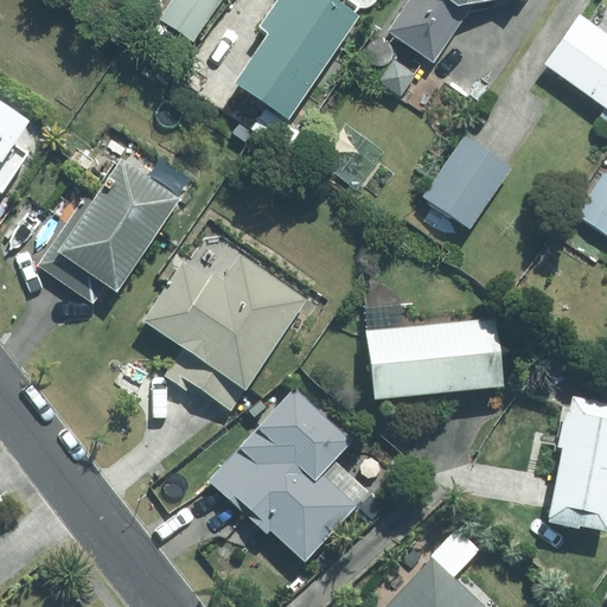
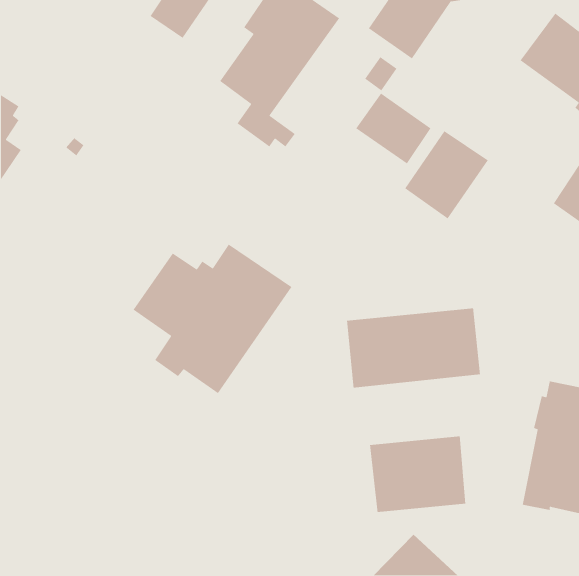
building: none -> [355,93,432,164]
building: [39,156,180,299] -> none
building: [210,388,363,562] -> none
building: none -> [369,435,466,513]

